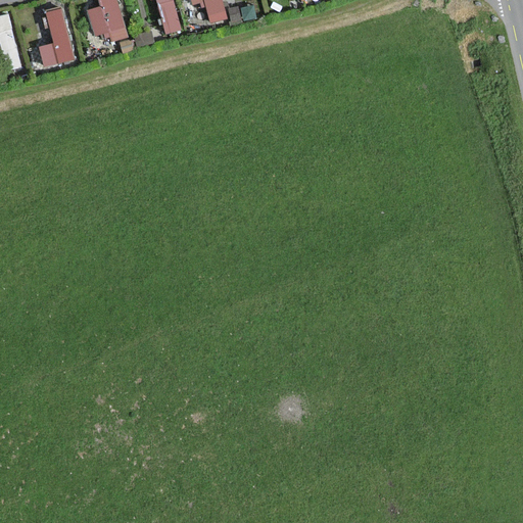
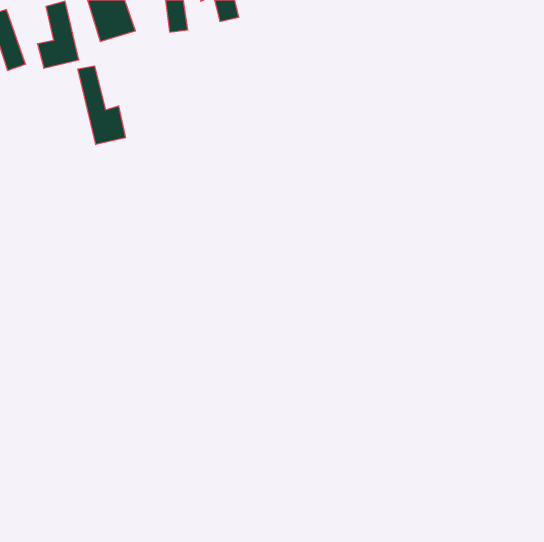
building: none -> [78,66,126,145]

